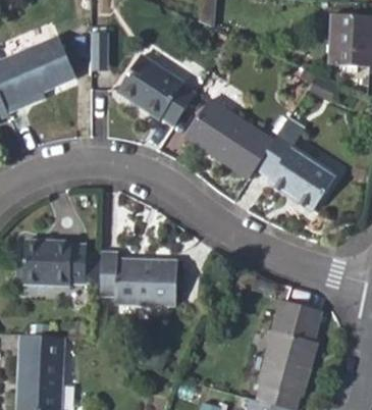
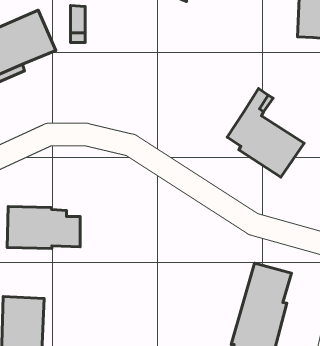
building: [116,55,194,125] -> none
building: [183,100,272,178] -> none
building: [100,251,177,303] -> none

